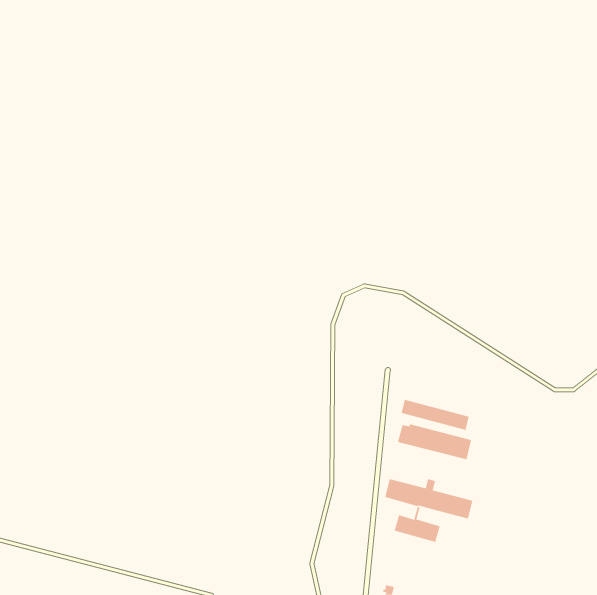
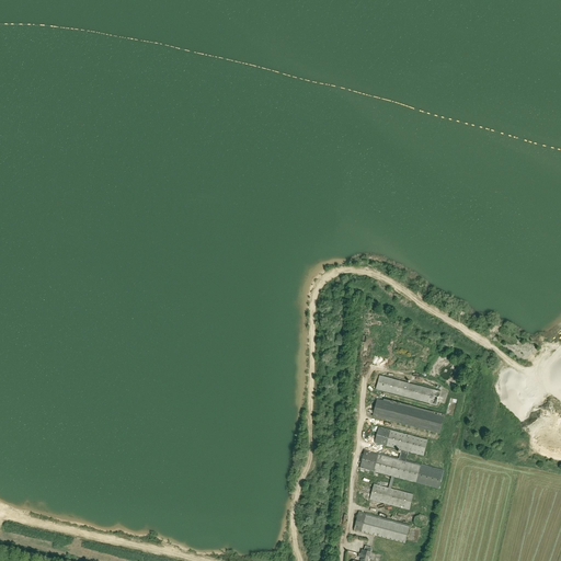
building: none -> [375,427,427,455]
building: none -> [354,512,410,542]

